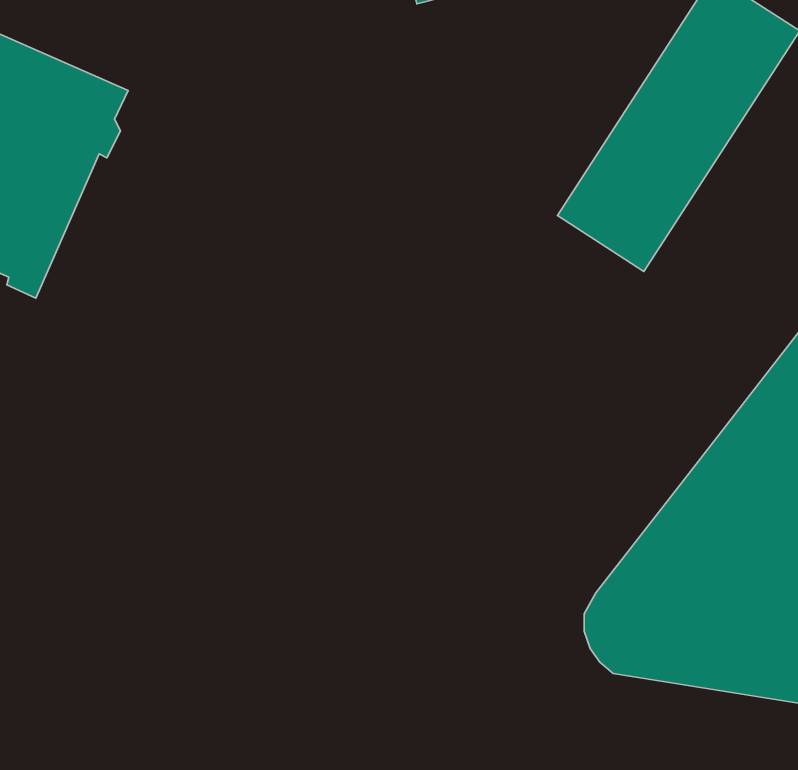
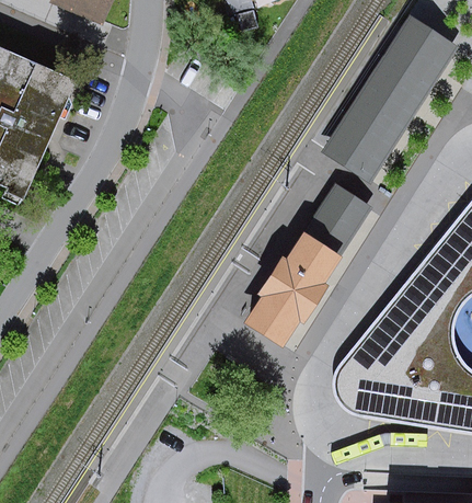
building: none -> [245,174,378,347]

